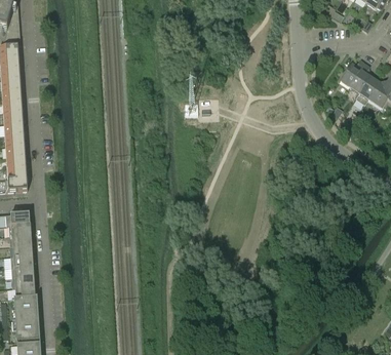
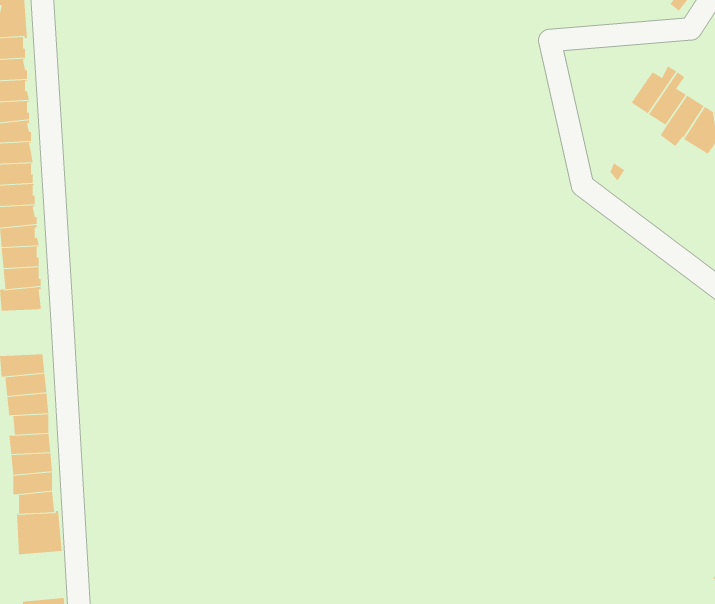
building: [15,317,40,341] -> none

